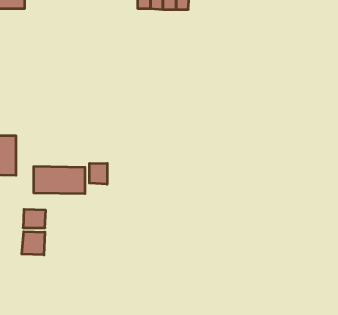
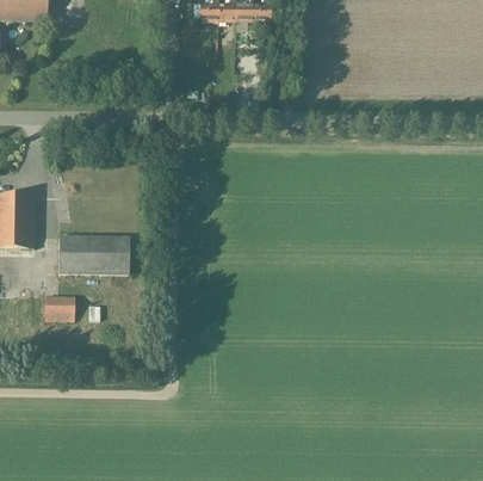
building: [89,163,107,184] -> none
building: [22,232,45,255] -> none

